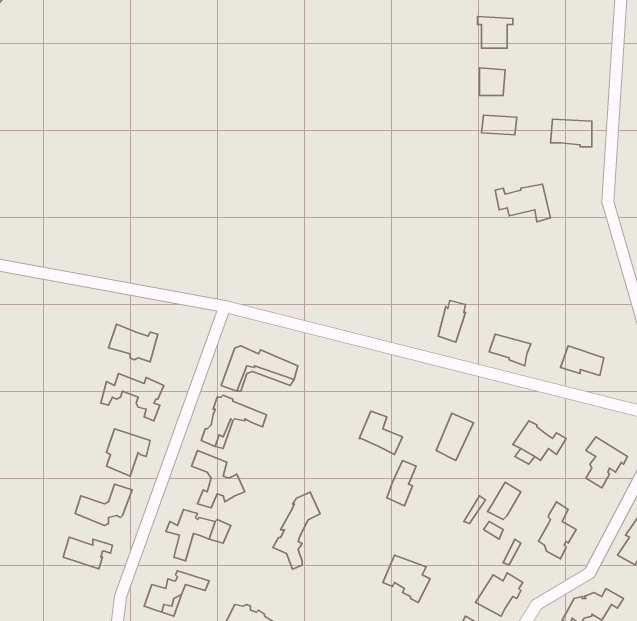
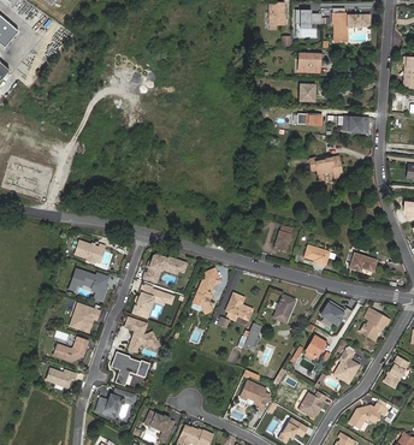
building: [273,492,320,569] -> [191,268,220,315]

